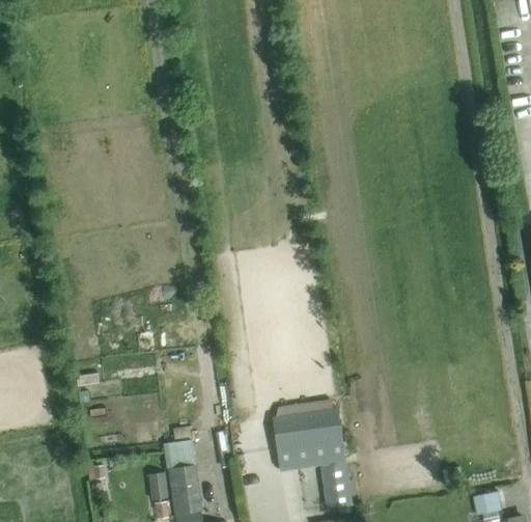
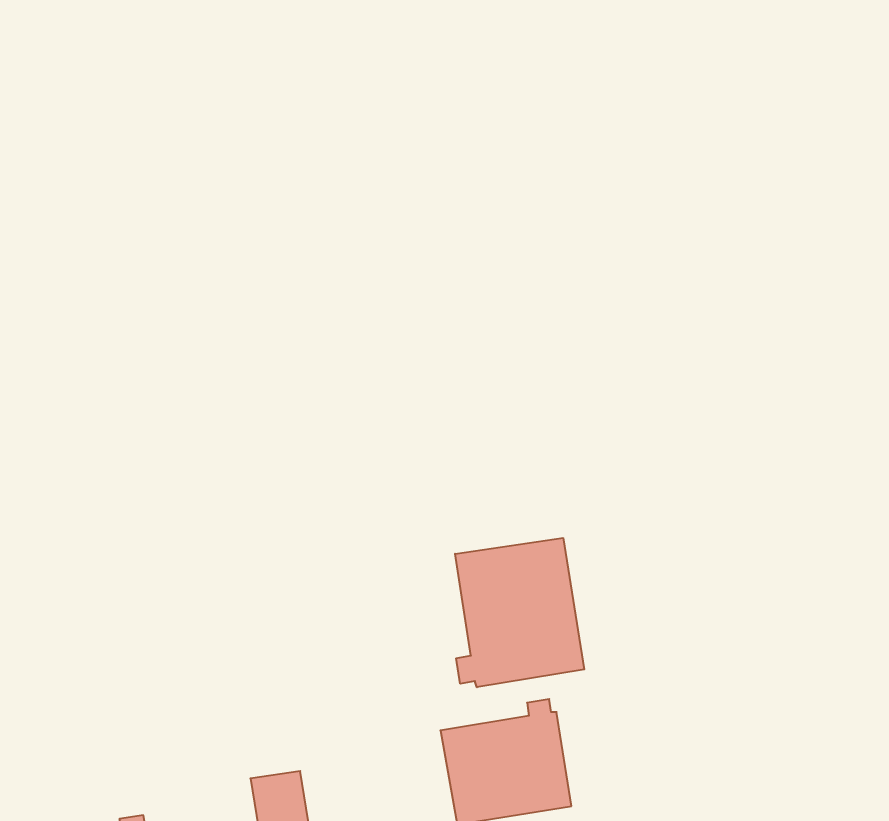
building: none -> [455,538,584,687]

